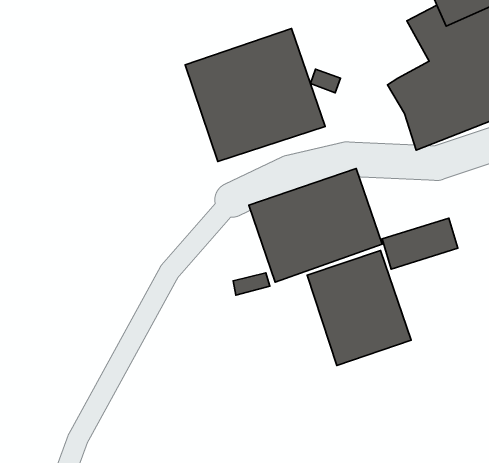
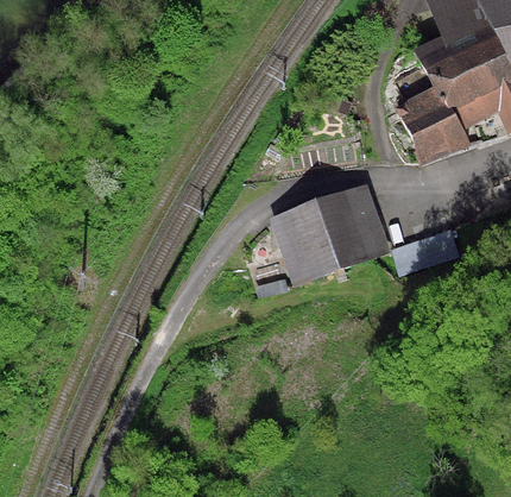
building: [185,29,325,162] -> none
building: [307,250,411,366] -> none

